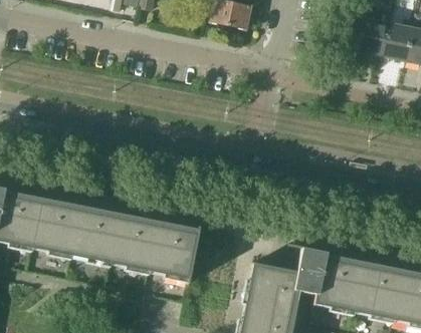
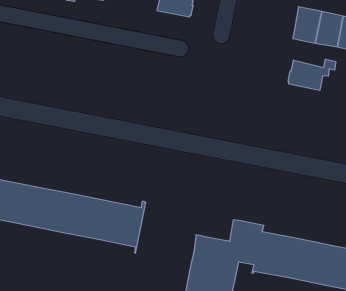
building: none -> [288,59,336,90]

